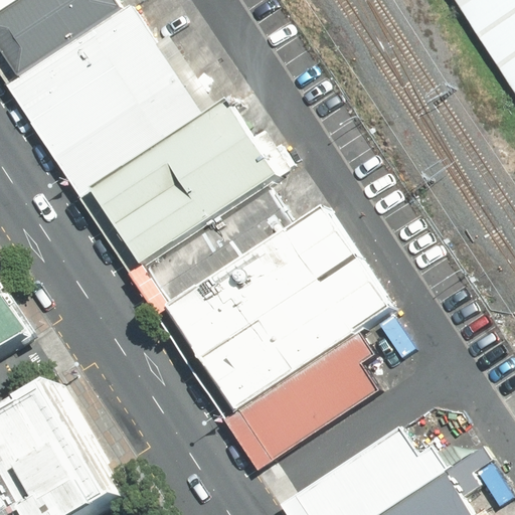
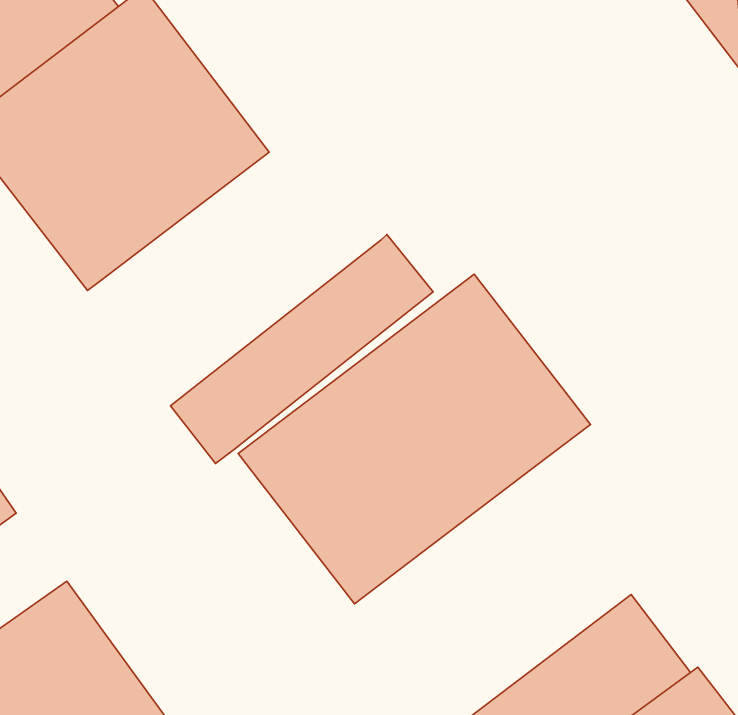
building: [91,107,271,266] -> none
building: [216,333,389,474] -> none

